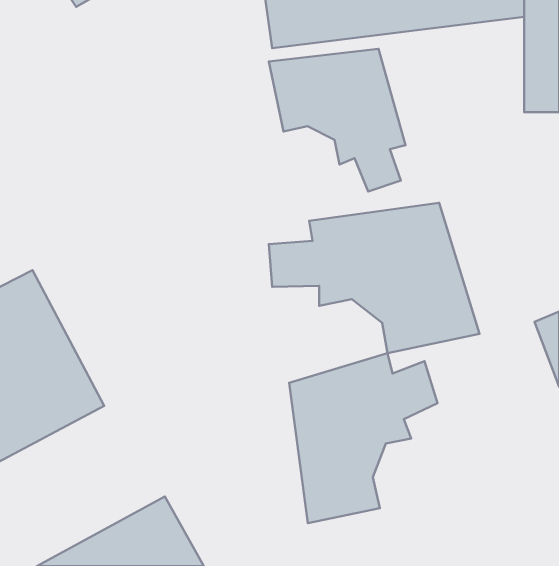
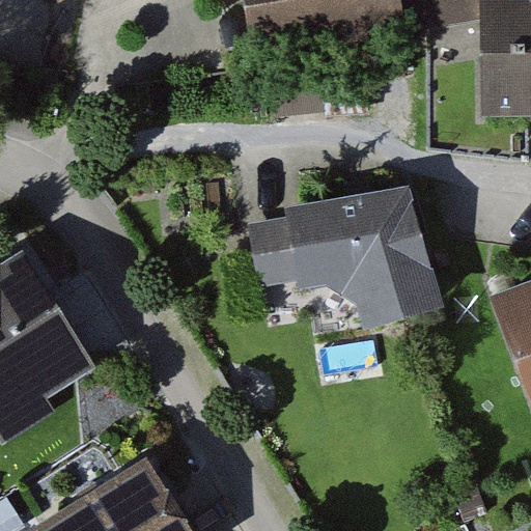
building: [269,49,406,191] -> none
building: [289,353,438,523] -> none

